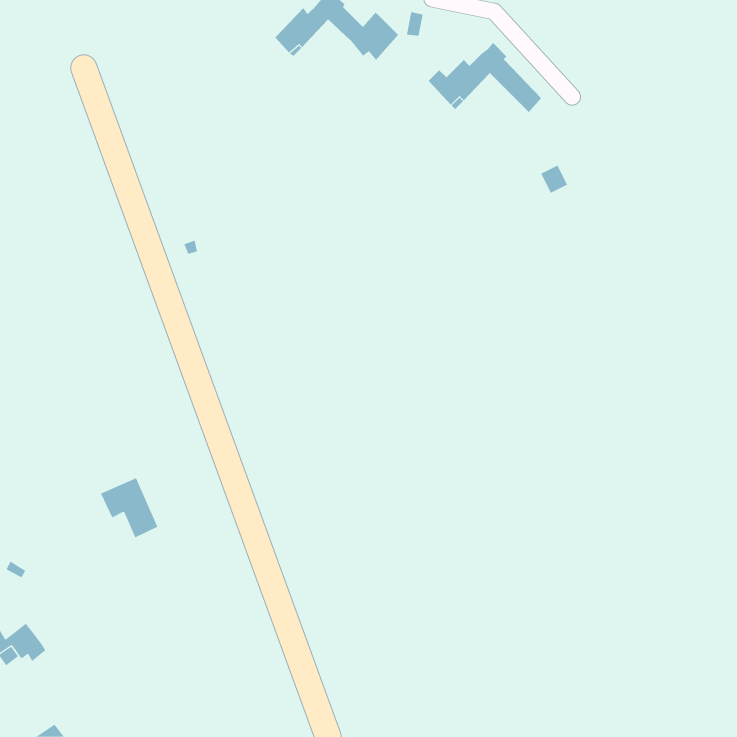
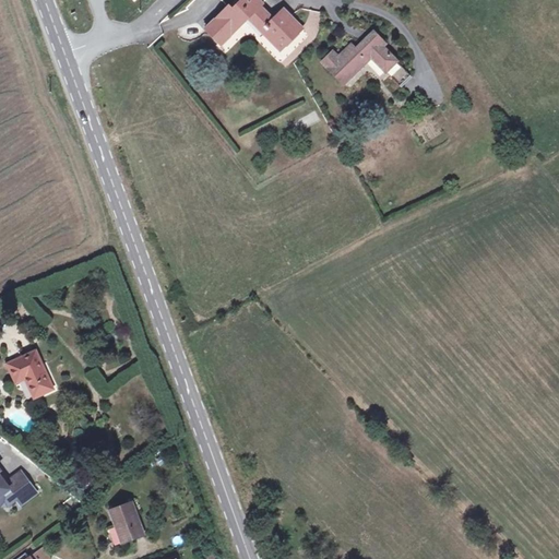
building: [100,478,158,538] -> [8,350,51,396]
building: none -> [109,500,143,540]

